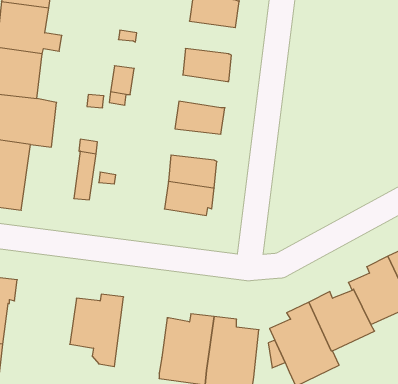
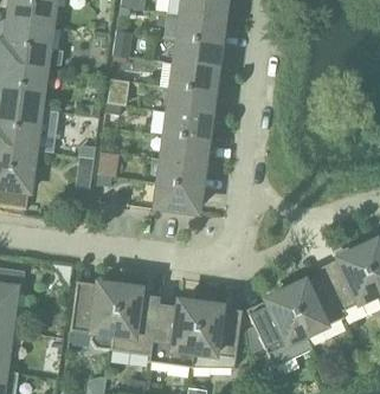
building: none -> [175,37,220,67]
building: none -> [169,85,214,115]
building: none -> [162,134,207,163]
building: none -> [111,285,161,354]

